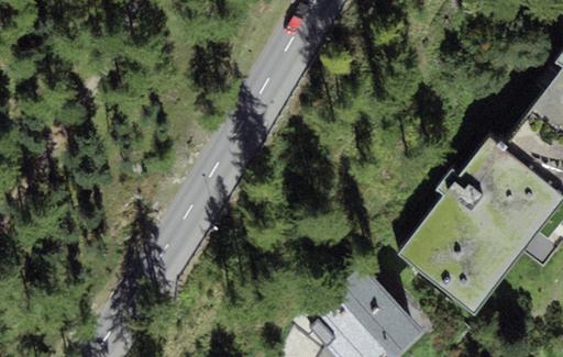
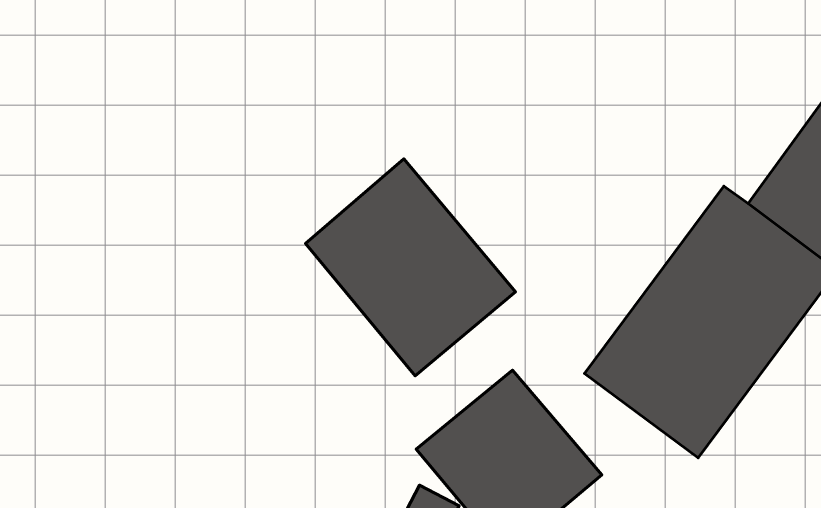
building: none -> [305,159,515,376]

